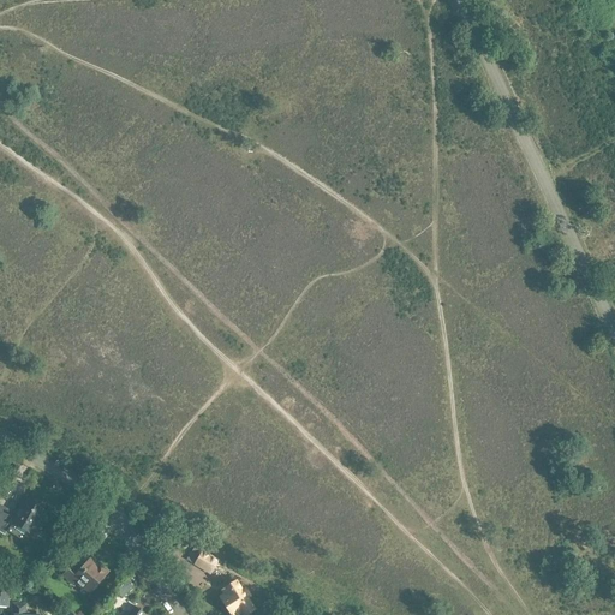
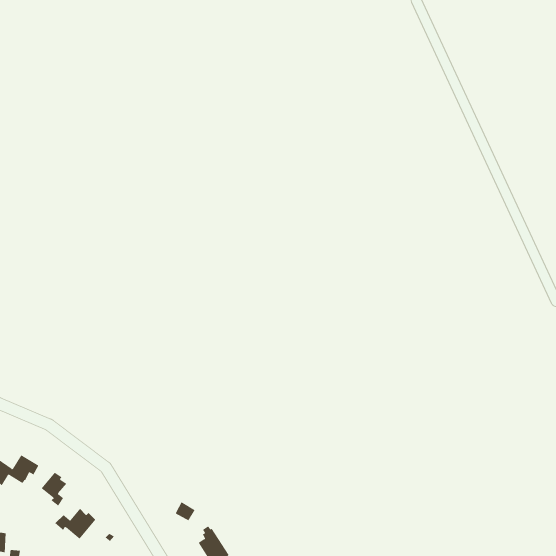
building: none -> [41,472,67,506]

